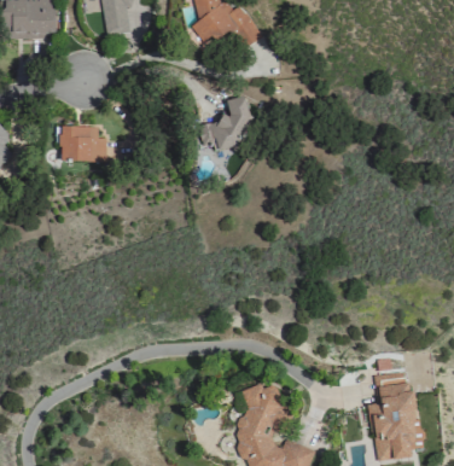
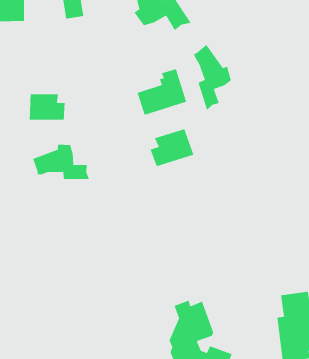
building: none -> [193,44,232,111]
building: none -> [149,128,195,167]
building: none -> [32,144,90,180]

